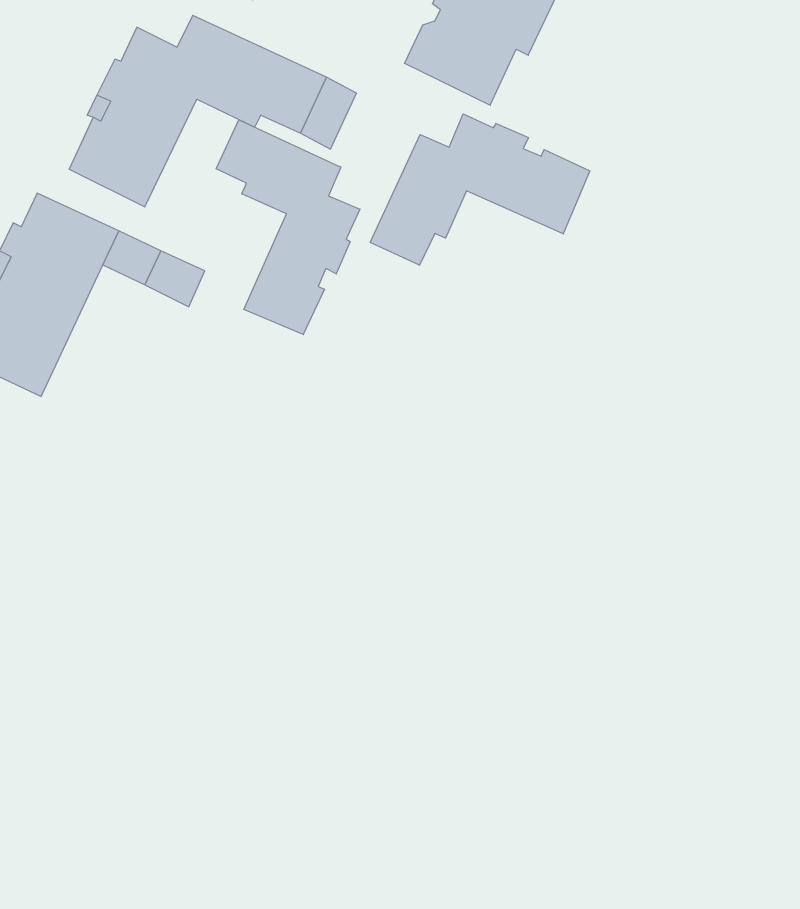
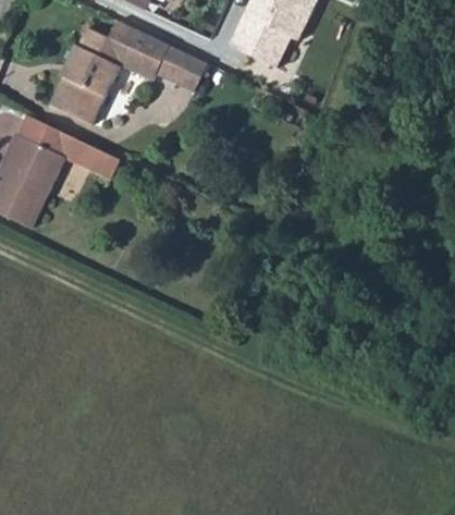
building: [370,114,590,265] -> none
building: [216,120,360,335] -> none

